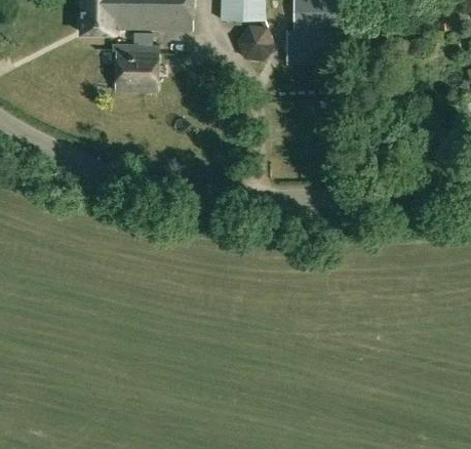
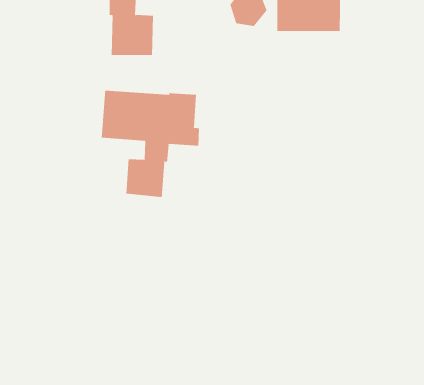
building: none -> [101,90,200,198]

